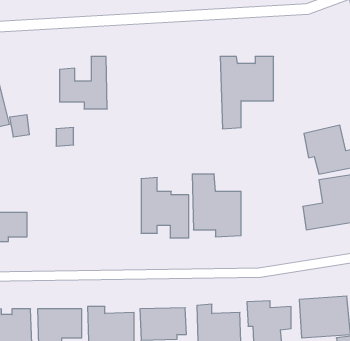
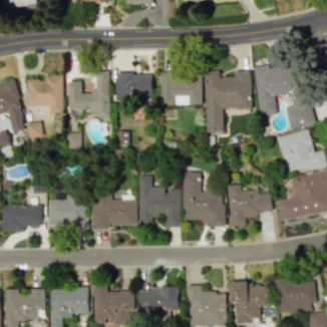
building: none -> [256,63,309,127]
building: none -> [116,72,154,99]
building: none -> [162,73,204,104]
building: none -> [26,74,62,112]
building: none -> [228,184,273,226]
building: none -> [49,194,85,228]
building: none -> [91,196,135,229]

